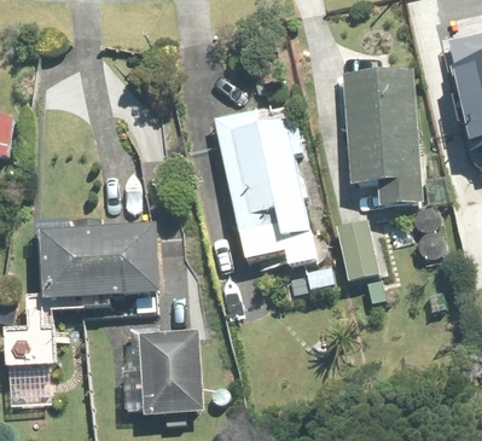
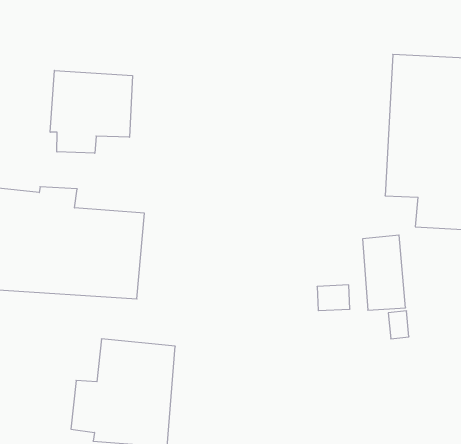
building: [214,103,317,269] -> none
building: none -> [50,70,132,153]

